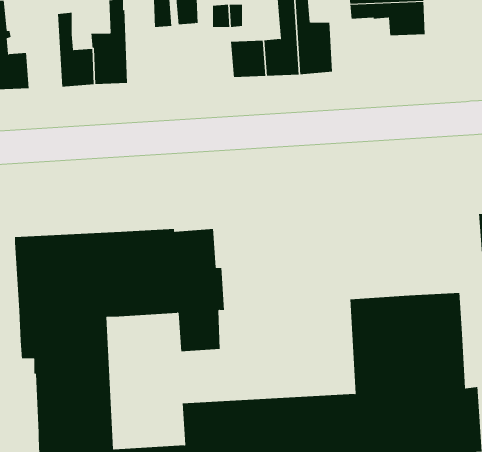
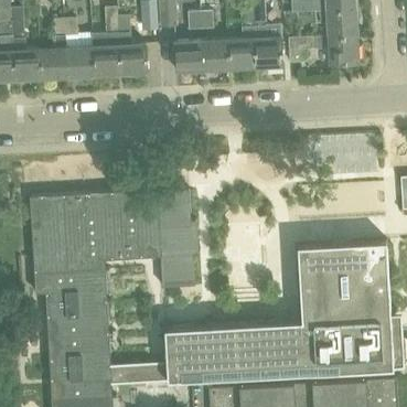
building: none -> [118,17,159,75]
building: none -> [40,20,67,79]
building: none -> [288,36,360,65]
building: none -> [175,42,204,73]

